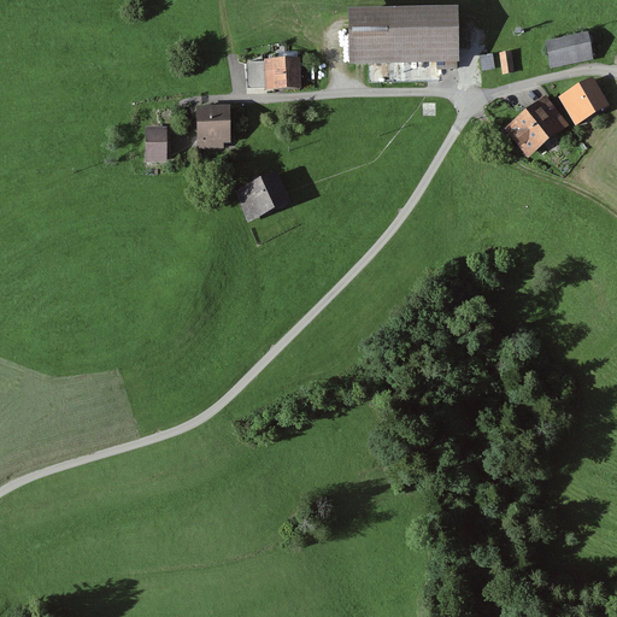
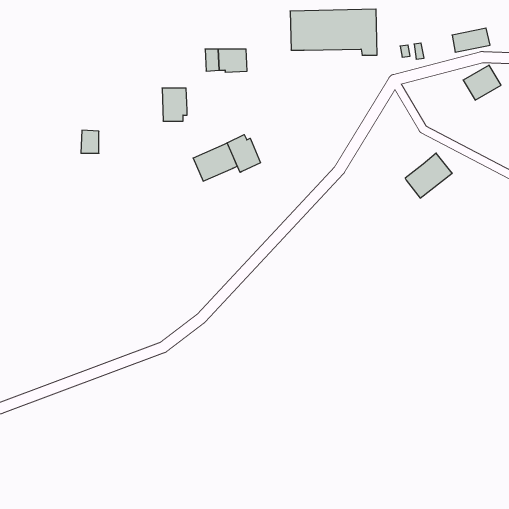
building: [509,98,565,152] -> [405,153,452,198]
building: [145,129,166,157] -> [81,130,99,153]
building: none -> [227,135,261,172]

